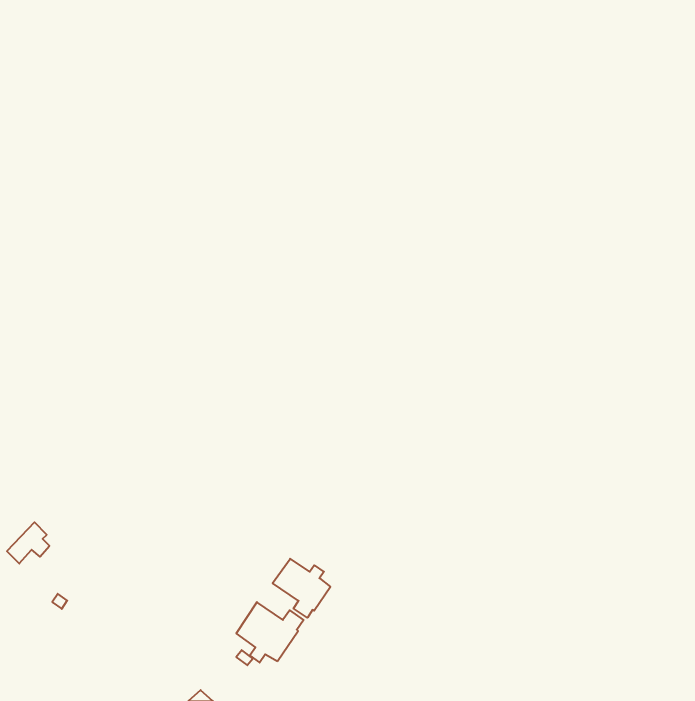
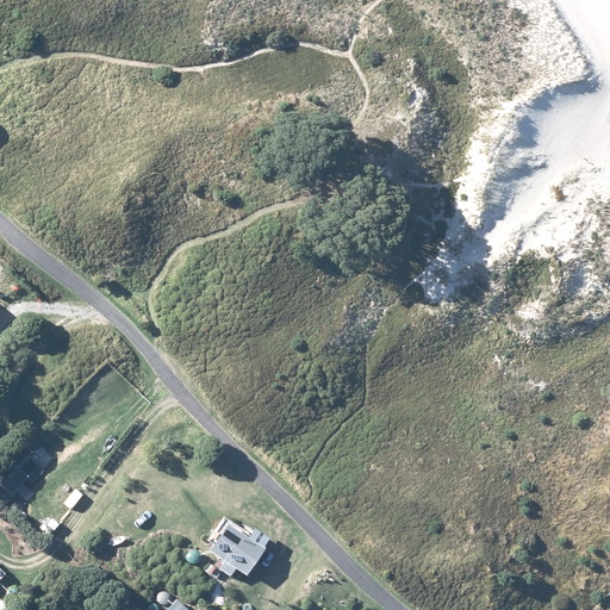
building: [273,559,330,618] -> none

